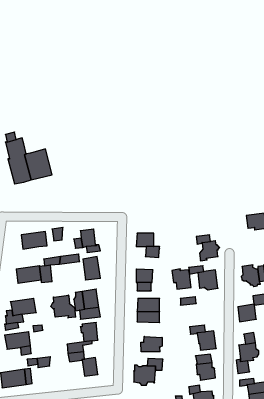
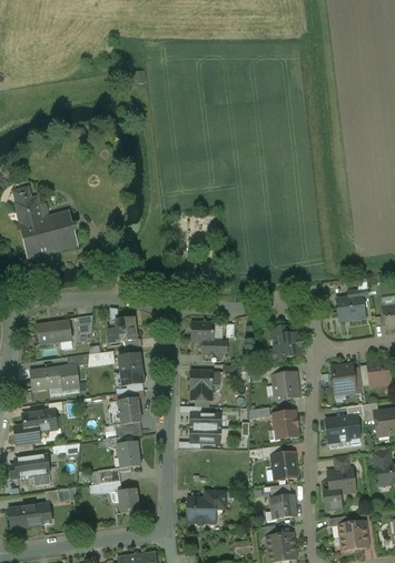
building: [172,269,191,289] -> [273,411,298,438]
building: [51,295,76,318] -> none
building: [141,336,162,352] -> none

